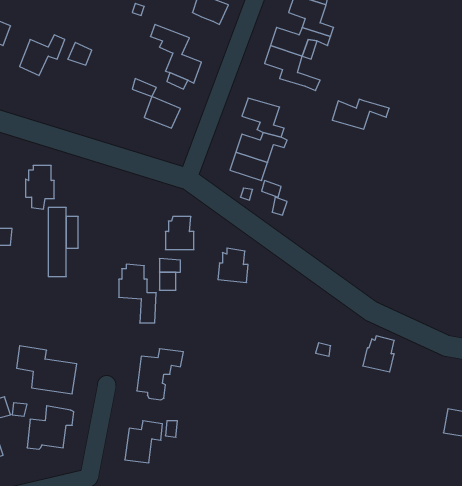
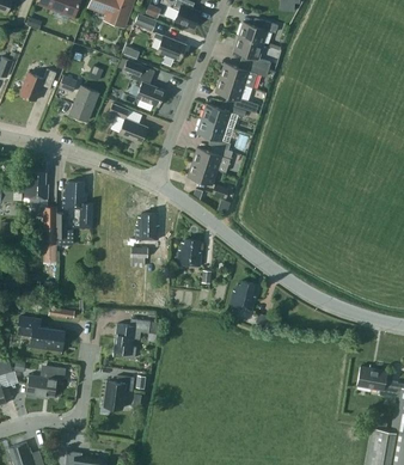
building: none -> [69,86,98,122]
building: [332,99,389,129] -> [201,103,246,127]
building: [119,264,156,323] -> [62,182,92,228]
building: [363,336,394,372] -> [229,282,255,311]

